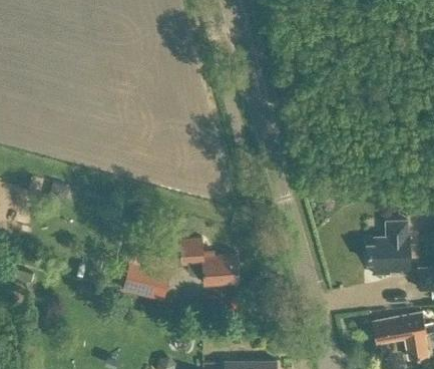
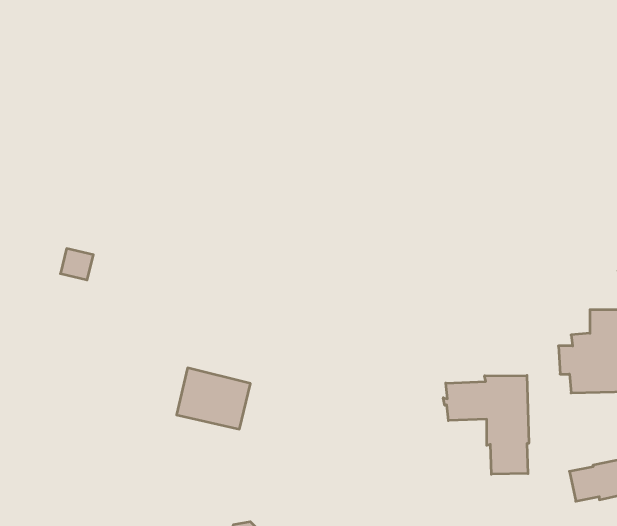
building: [178,238,238,284] -> none
building: none -> [443,375,529,474]

